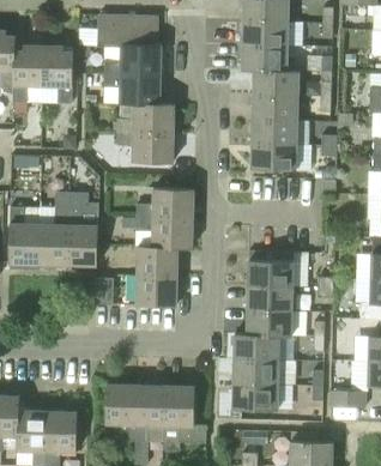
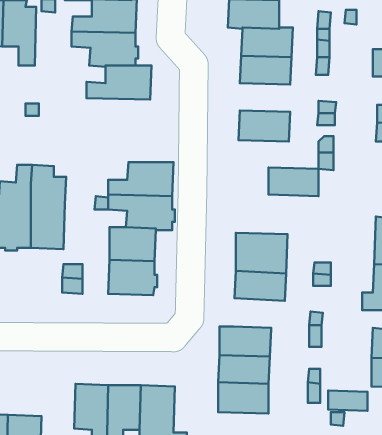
building: [252,119,296,144] -> [268,167,319,196]
building: [116,132,175,163] -> none
building: [246,308,291,335] -> none

